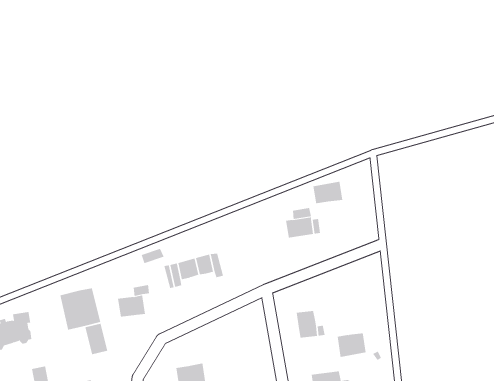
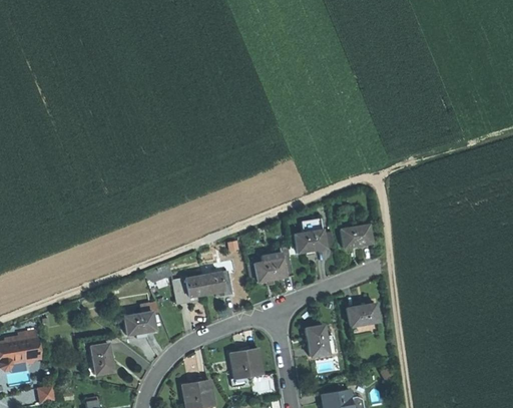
building: [312,181,343,204] -> [341,226,372,249]
building: none -> [253,246,294,284]
building: [60,287,101,331] -> none
building: none -> [231,349,264,378]
building: [337,333,366,357] -> [347,301,377,326]

